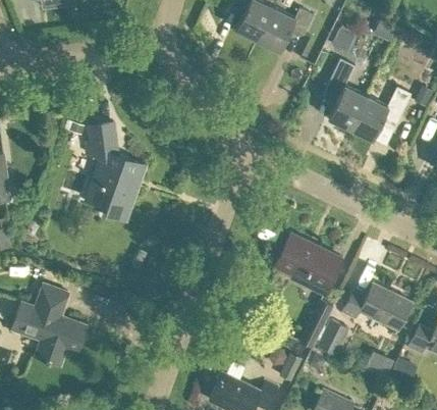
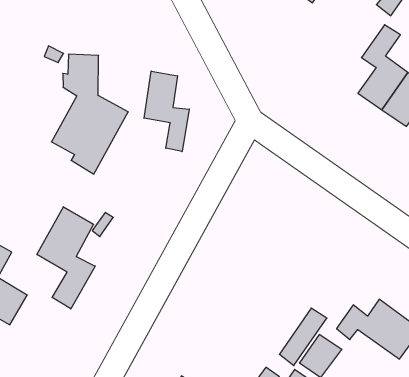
building: none -> [144,71,189,152]
building: [272,234,341,295] -> none
building: none -> [37,207,95,309]

